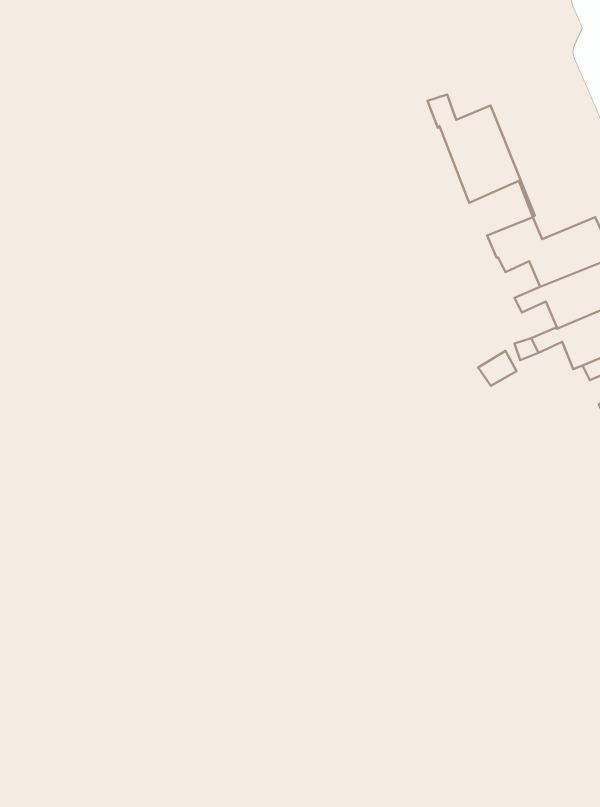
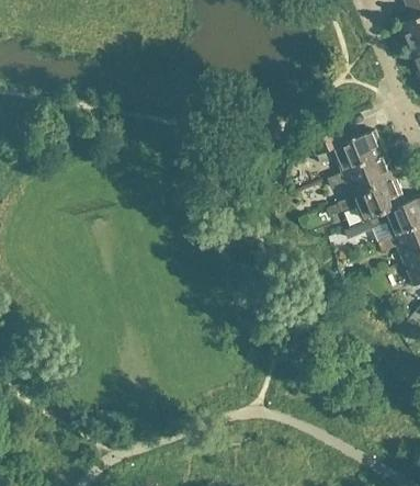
building: [428,94,535,217] -> none

